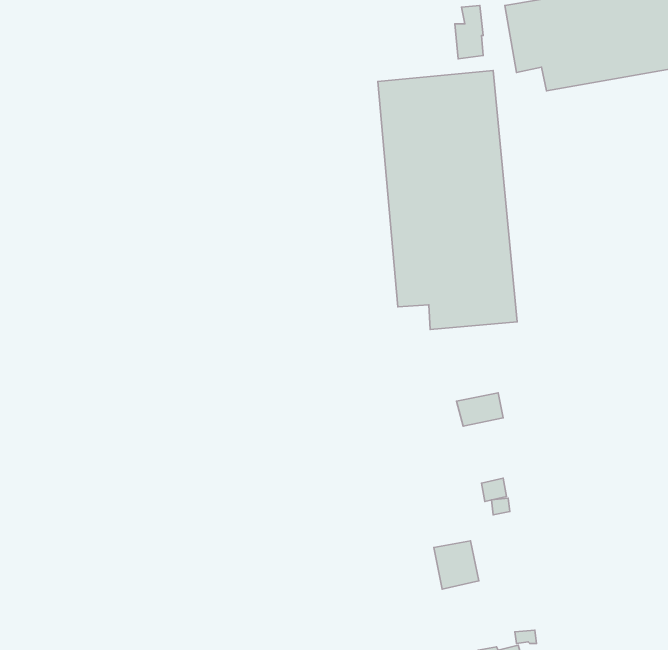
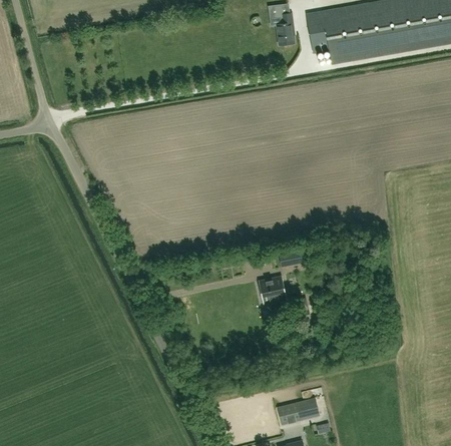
building: [378,70,517,330] -> none
building: [434,541,479,589] -> [258,274,285,303]

